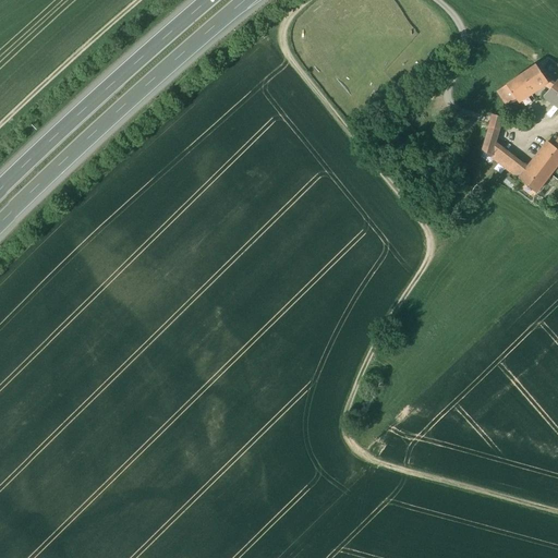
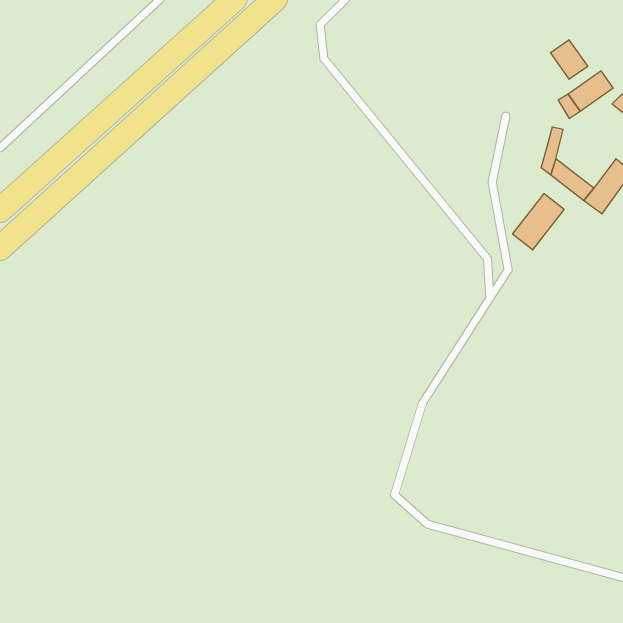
building: none -> [551,40,588,79]
building: none -> [513,194,564,250]

